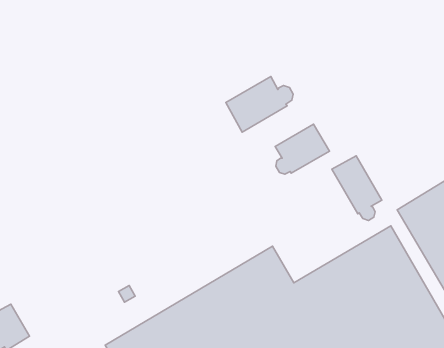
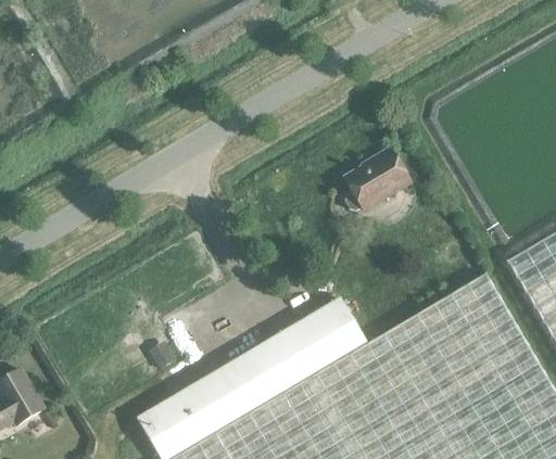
building: [226,76,293,132] -> none
building: [332,156,382,220] -> none

